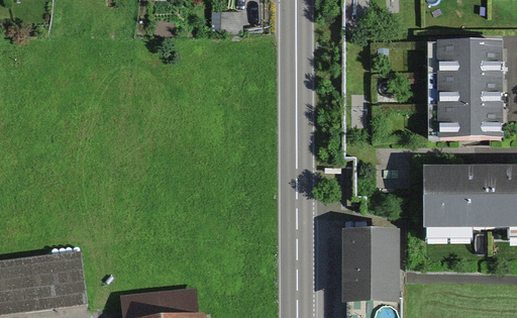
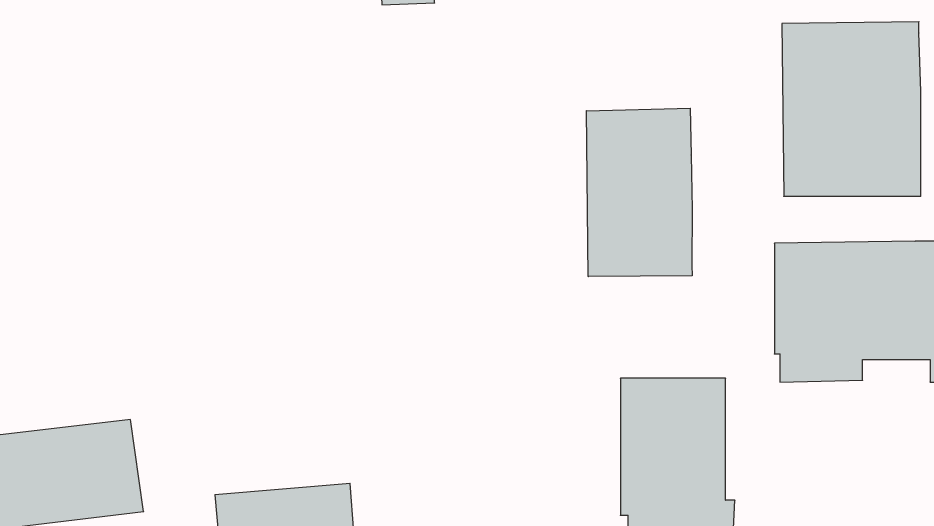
building: none -> [586,108,692,277]

